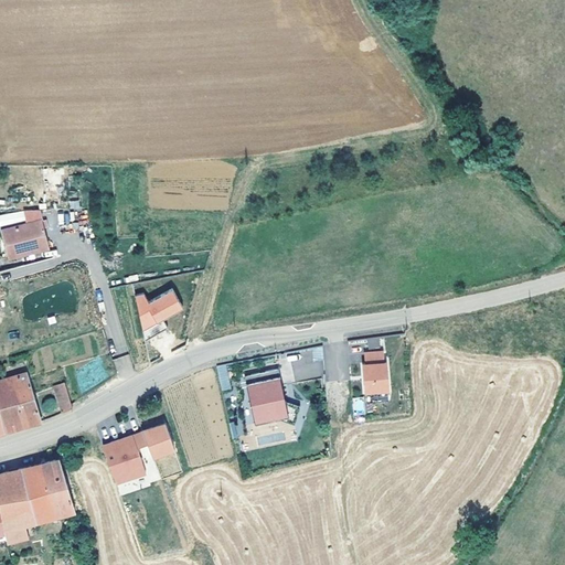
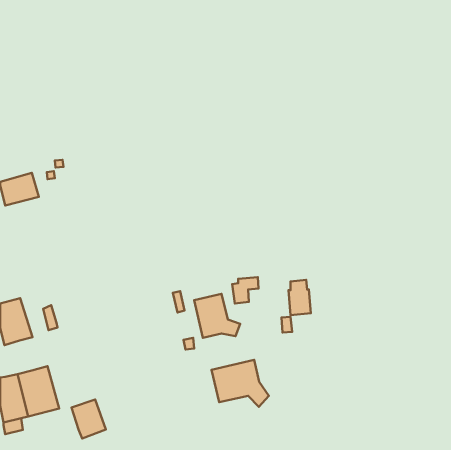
building: [132,291,183,329] -> none
building: [142,424,175,460] -> none
building: [103,435,146,483] -> [71,400,106,438]
building: none -> [211,360,269,407]

